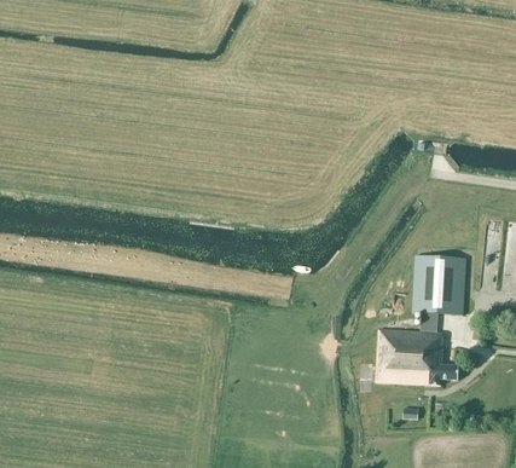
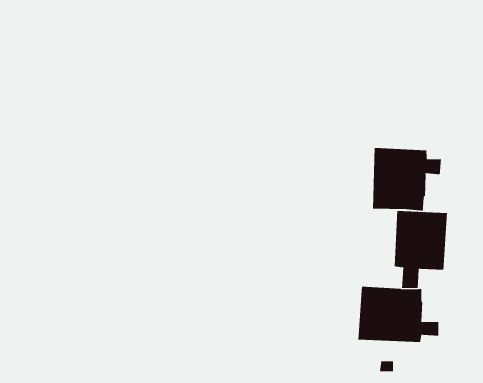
building: none -> [373,147,442,212]

